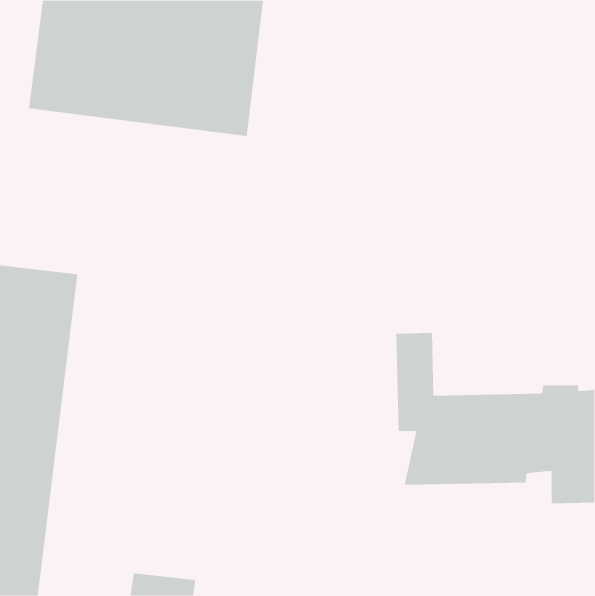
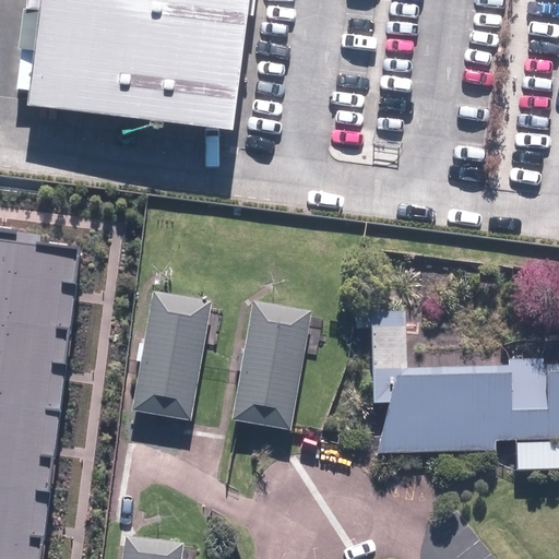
building: none -> [132,293,212,421]
building: none -> [231,302,311,431]

